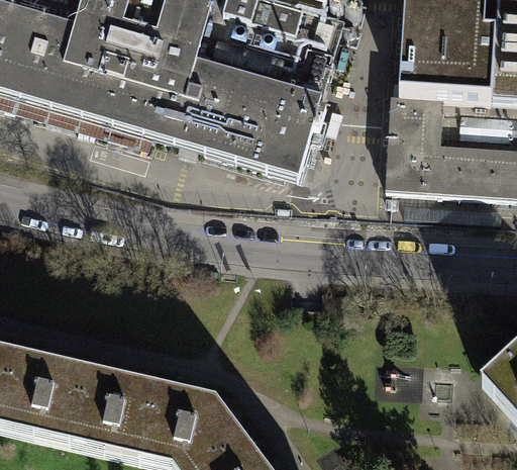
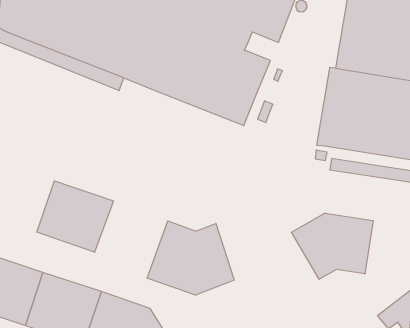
building: none -> [37,181,113,252]
building: none -> [291,213,373,279]
building: none -> [147,221,234,295]

